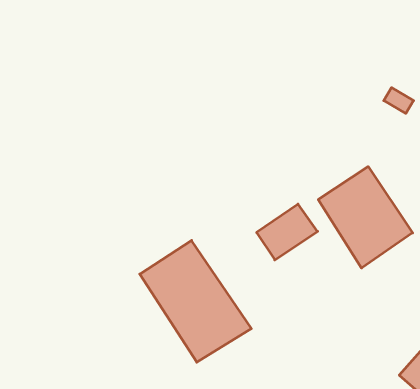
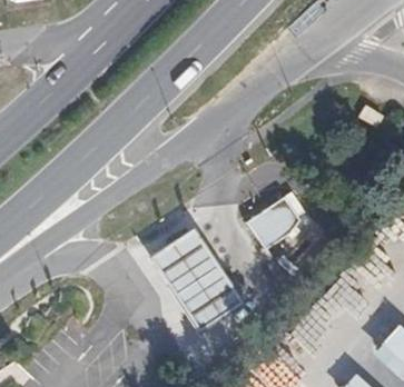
building: [318,167,413,268] -> none

